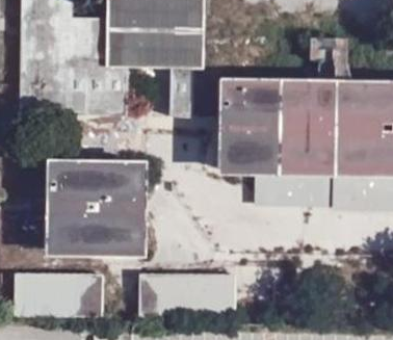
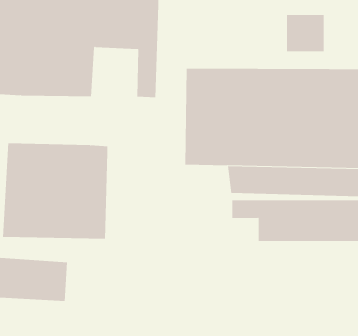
building: [134,268,229,314] -> none

